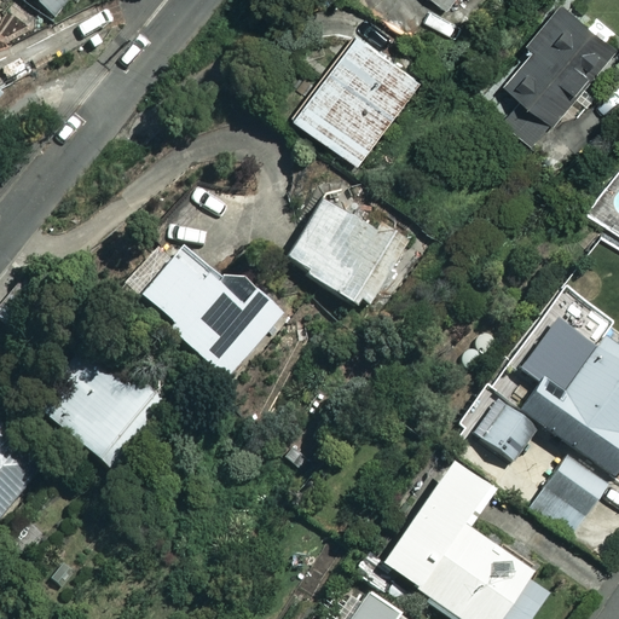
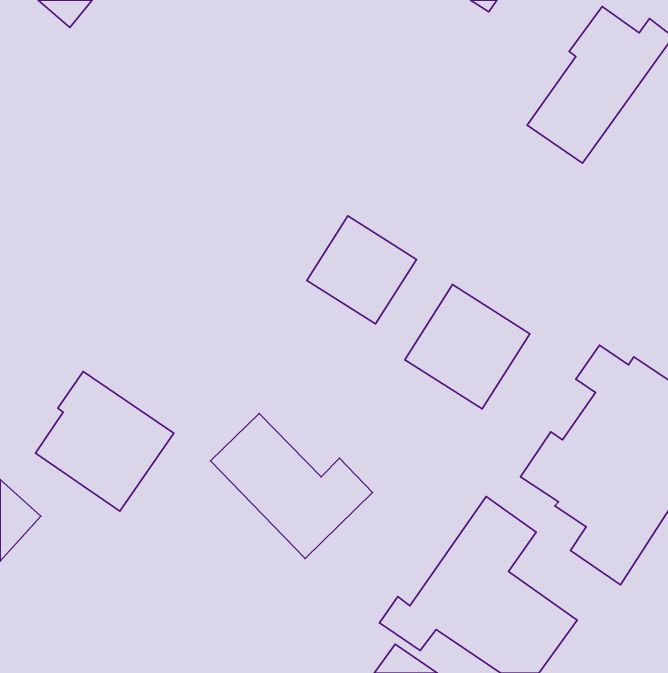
building: [296,28,428,163] -> none
building: [140,248,289,381] -> [210,414,372,558]
building: none -> [405,284,530,409]

